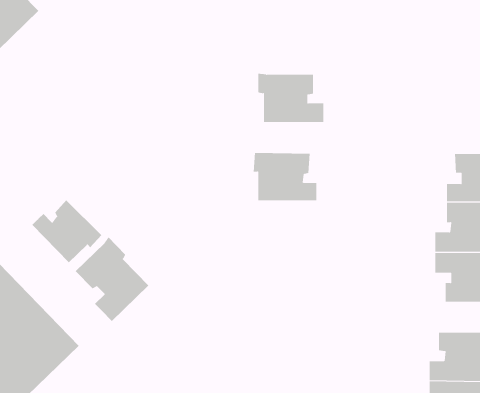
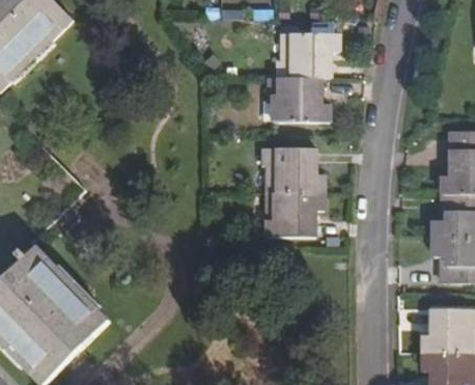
building: none -> [278,31,340,77]
building: [32,200,102,263] -> none
building: none -> [264,191,324,238]
building: [75,237,149,322] -> none

